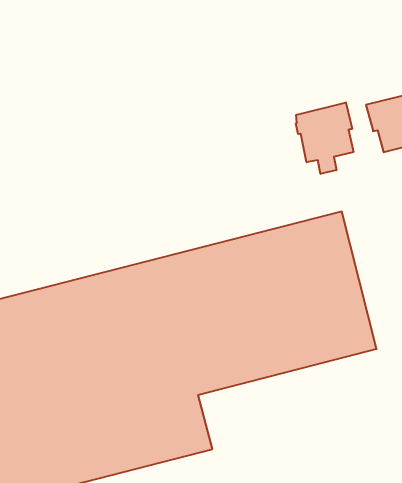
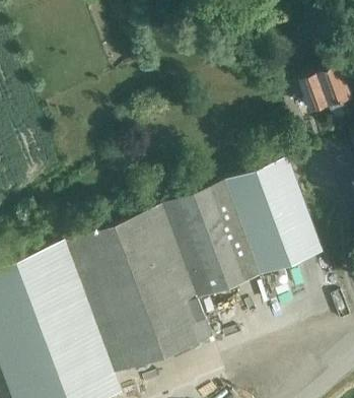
building: [296,102,353,174] -> none

